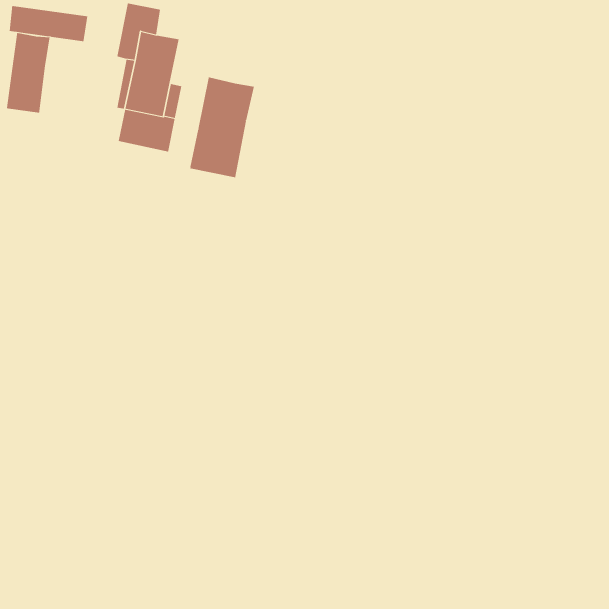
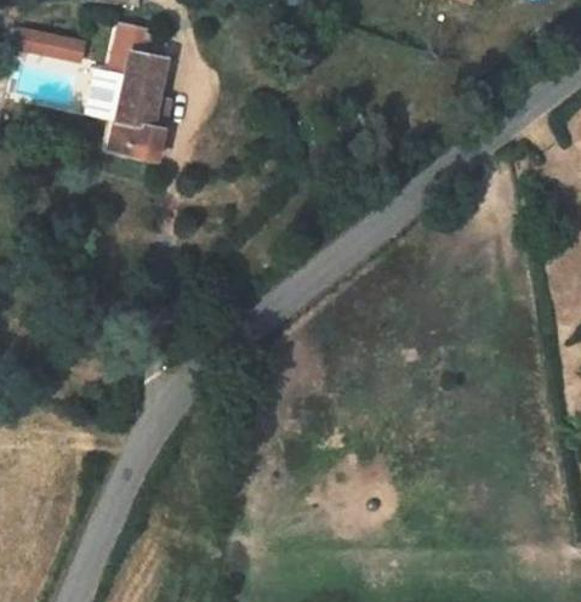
building: [6,32,50,114] -> none
building: [189,77,255,178] -> none

